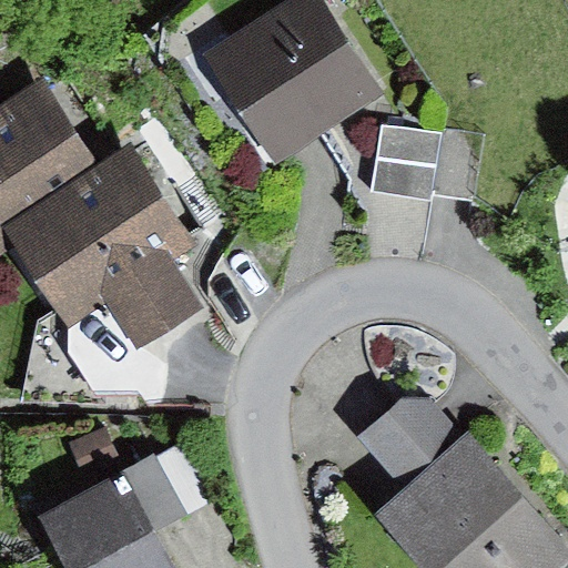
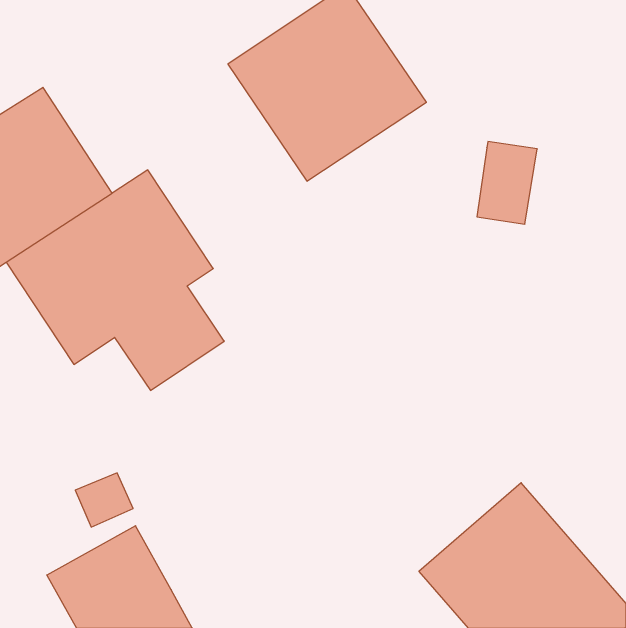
building: [369,125,438,199] -> none
building: [354,397,454,481] -> none
building: [120,442,216,531] -> none

